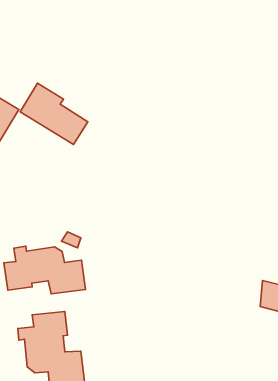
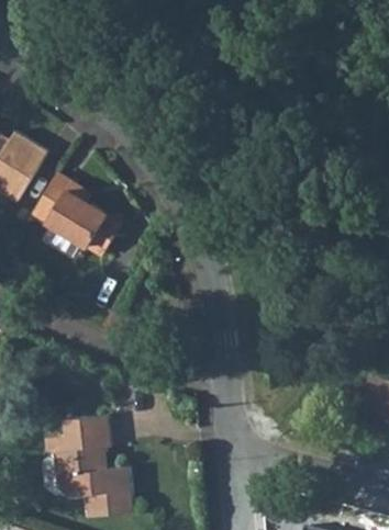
building: [20,83,88,144] -> [32,174,121,255]
building: [4,246,86,294] -> none

